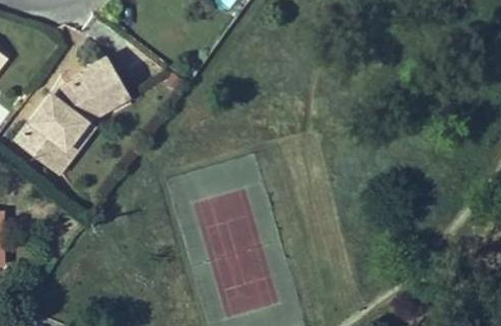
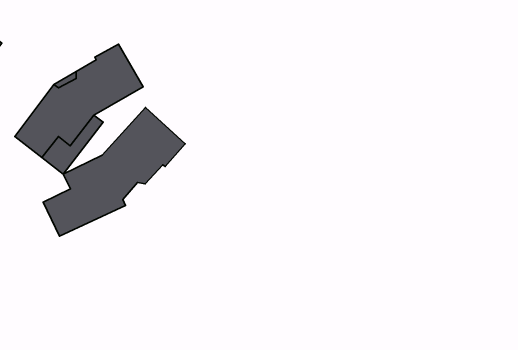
building: none -> [43,108,185,236]

